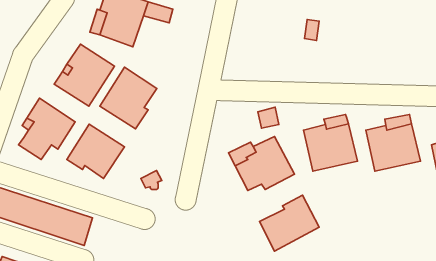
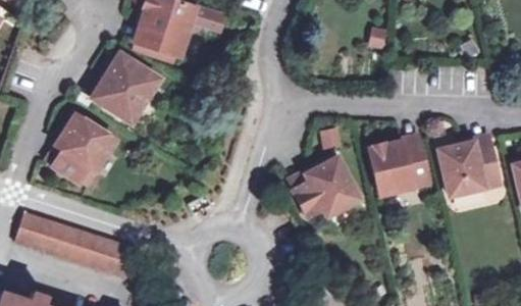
building: [100,67,157,129] -> none
building: [67,124,125,179] -> none
building: [260,195,319,251] -> none

